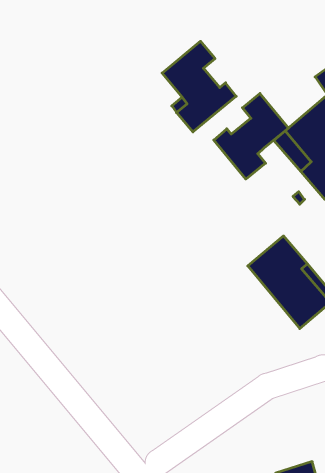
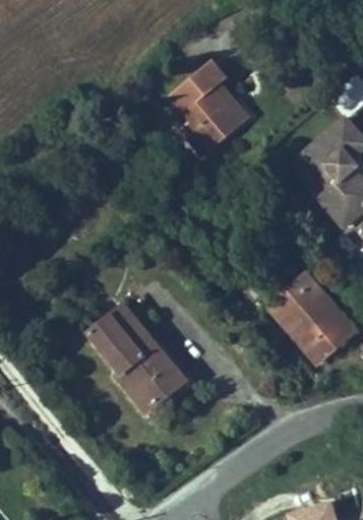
building: [214,93,288,179] -> none
building: none -> [90,305,196,411]

